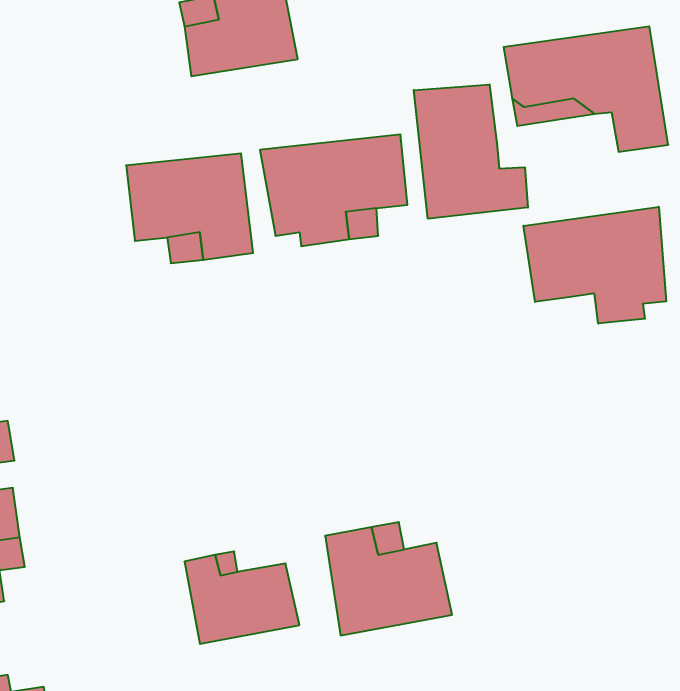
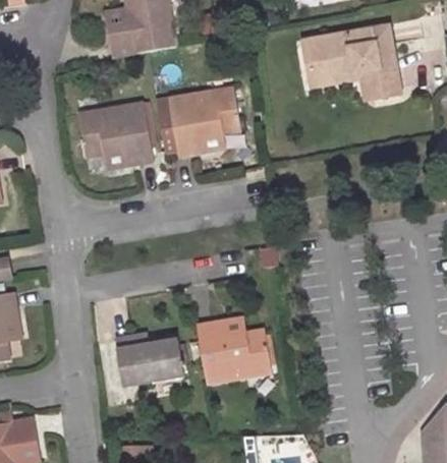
building: [414,84,528,219] -> none
building: [523,207,666,324] -> none

